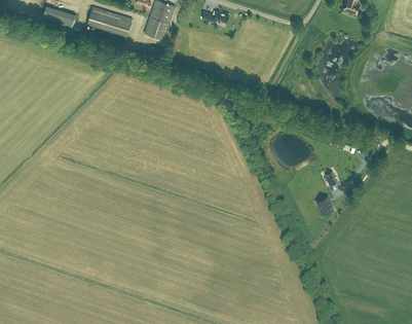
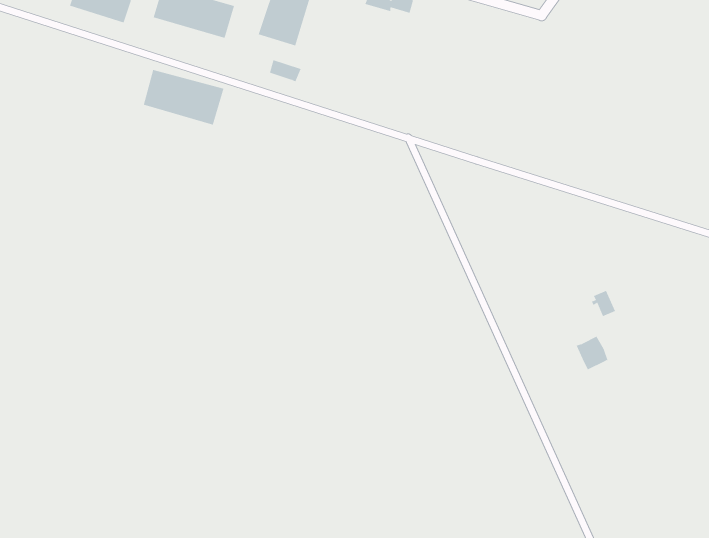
building: none -> [143,69,224,125]

